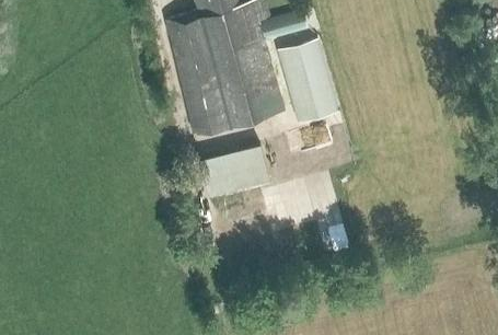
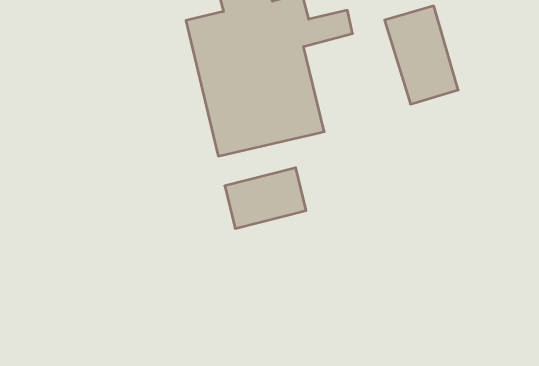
building: [278,41,340,124] -> [385,6,458,104]

